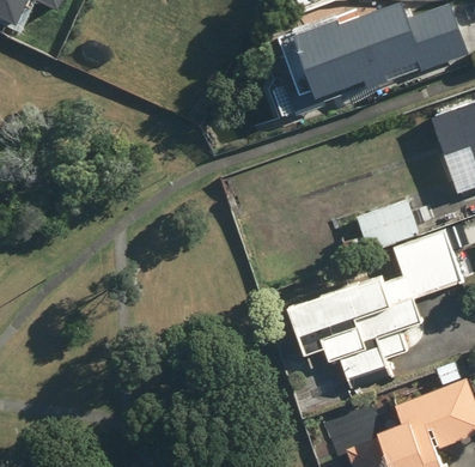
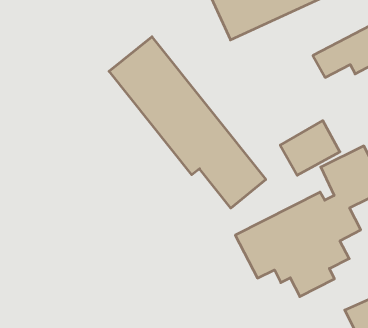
building: none -> [109,37,266,208]

